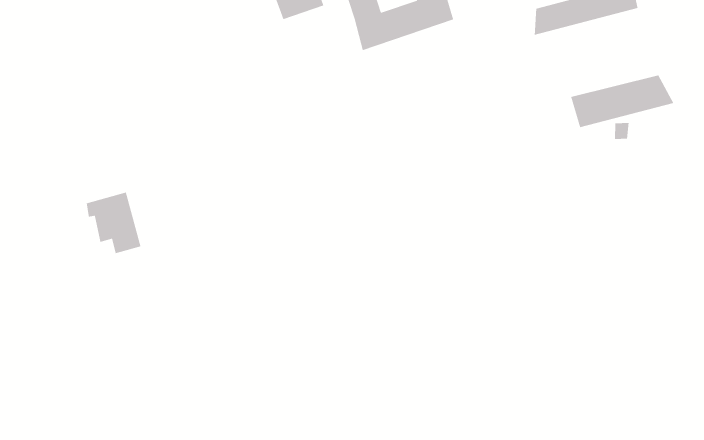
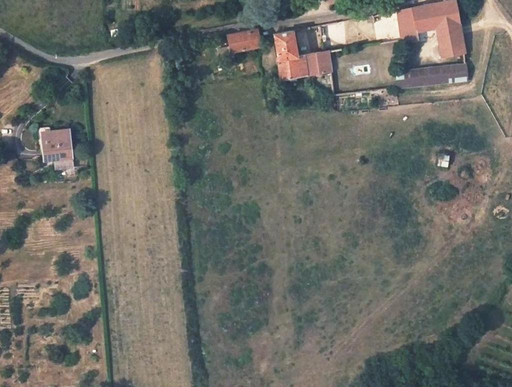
building: [570,74,674,128] -> none
building: [86,192,141,254] -> [42,129,74,169]

